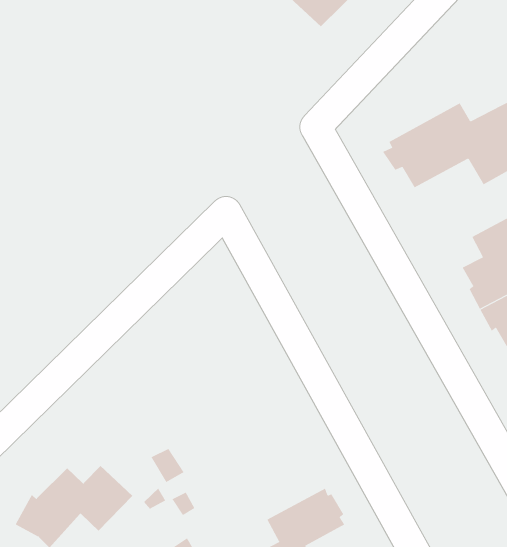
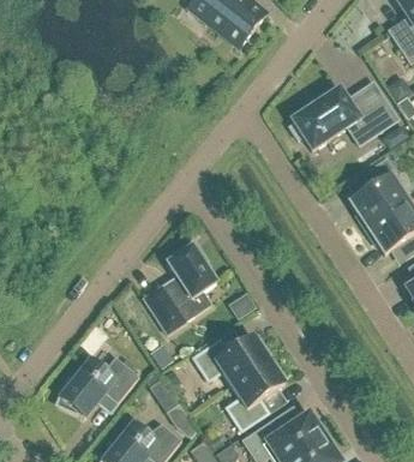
building: none -> [145,239,217,332]
building: none -> [194,335,270,384]

